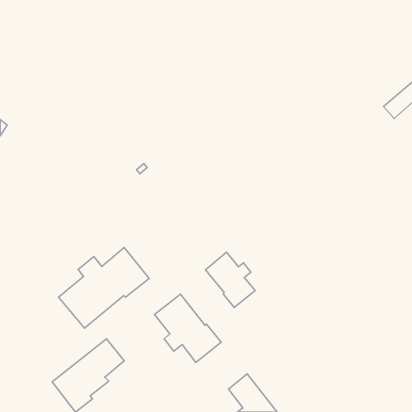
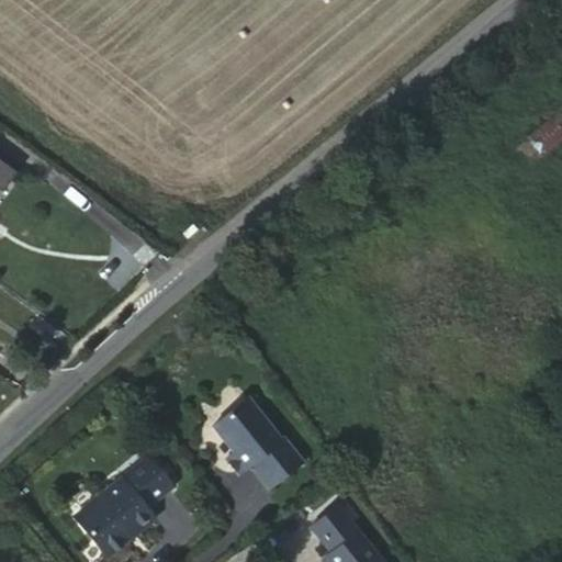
building: [59,248,149,328] -> none
building: [205,252,255,307] -> none

